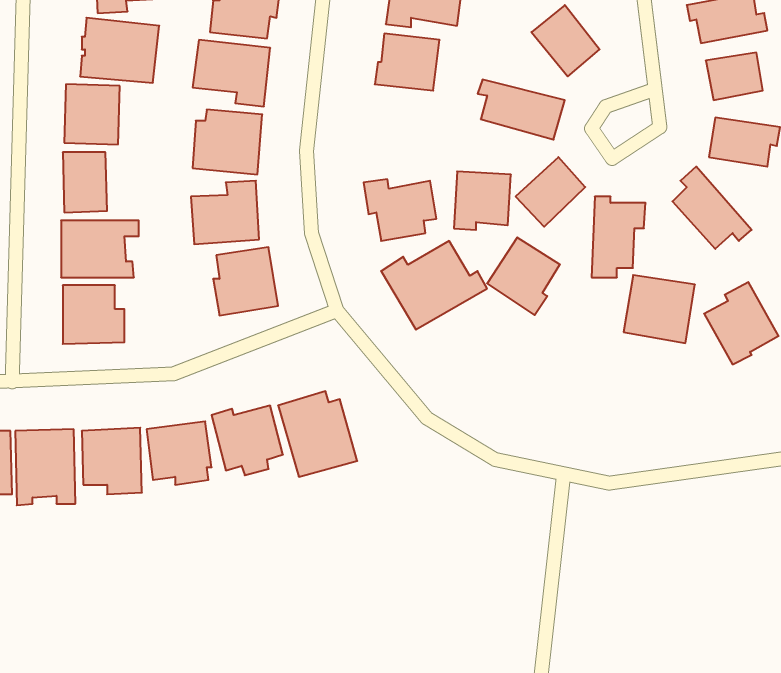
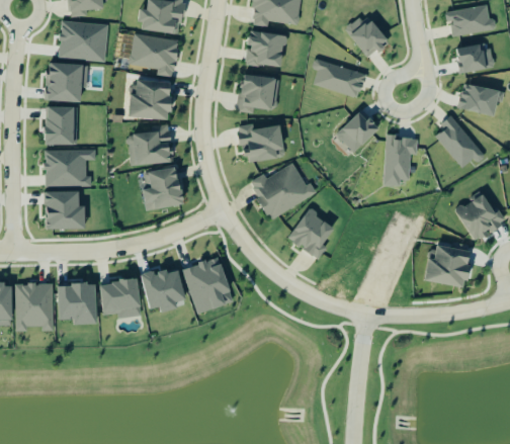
building: [454,171,511,230] -> [239,75,275,112]
building: [487,237,560,315] -> [288,209,335,259]
building: [624,275,695,343] -> [426,245,472,288]

